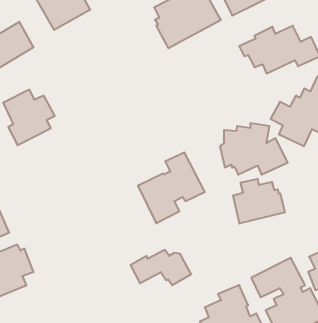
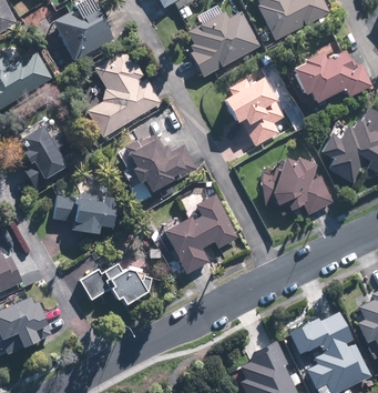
building: none -> [86,47,161,137]
building: none -> [215,79,287,149]
building: none -> [124,121,197,191]
building: none -> [53,185,120,232]
building: [233,179,285,224] -> none
building: [131,250,191,285] -> [82,263,149,302]

